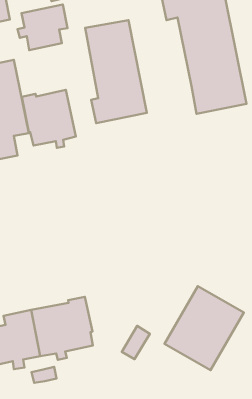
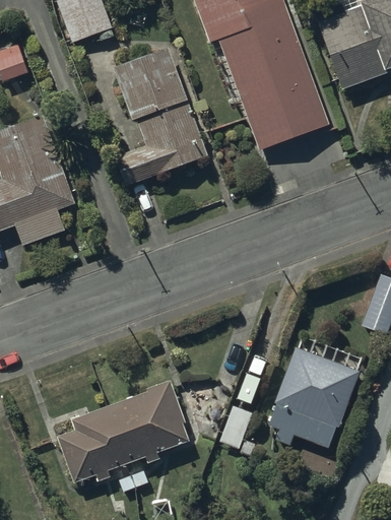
building: [18,5,67,50] -> none
building: [22,90,76,148] -> none

